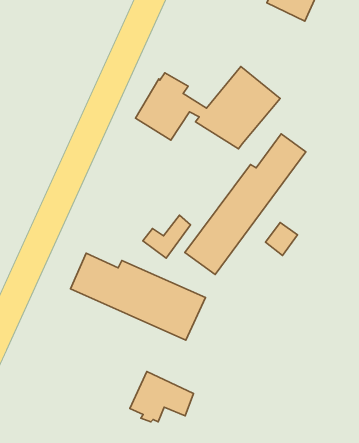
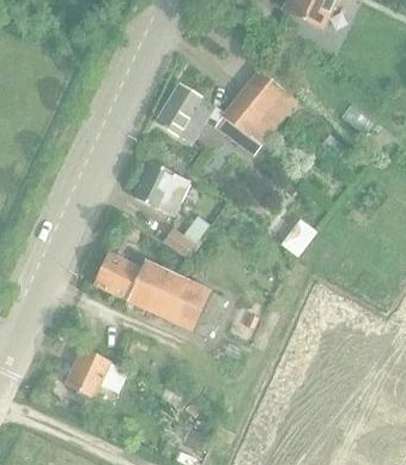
building: [185,134,306,274] -> none
building: none -> [134,162,189,216]
building: [130,372,194,422] -> [65,346,127,395]

